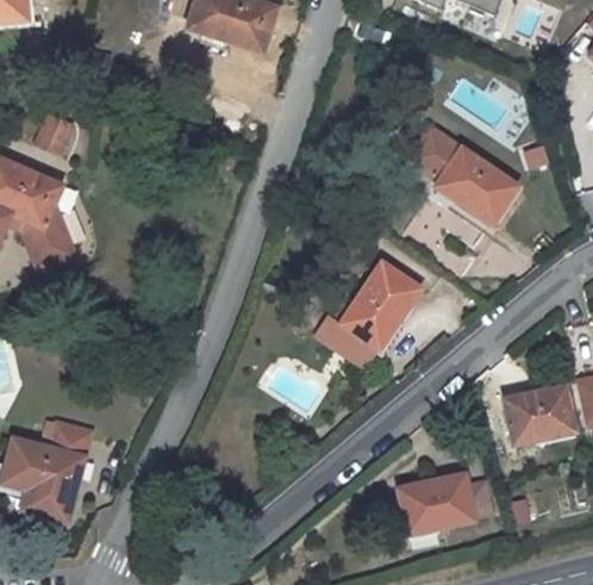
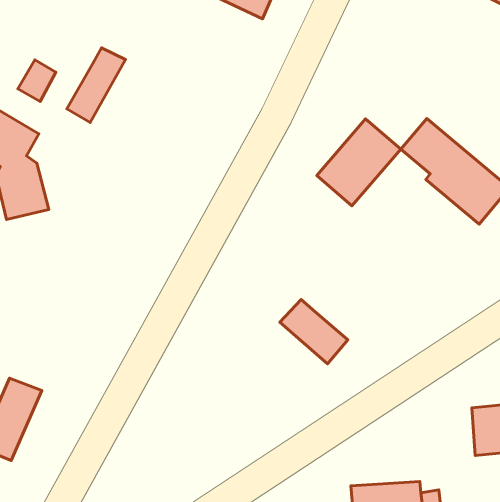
building: none -> [67,48,126,123]
building: [342,263,419,348] -> [317,119,401,206]

